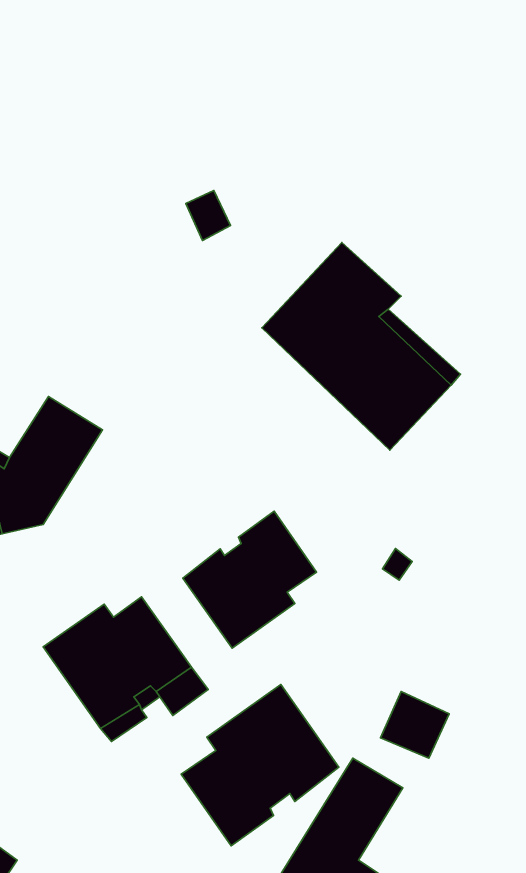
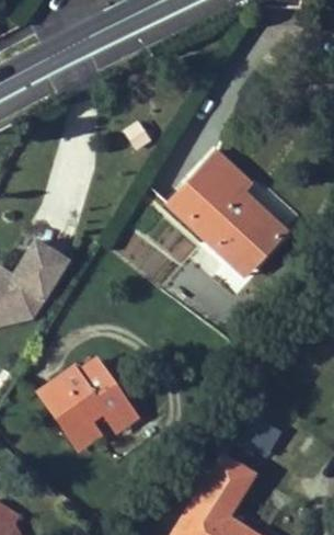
building: [183,511,317,648] -> none
building: [181,685,339,846] -> none

